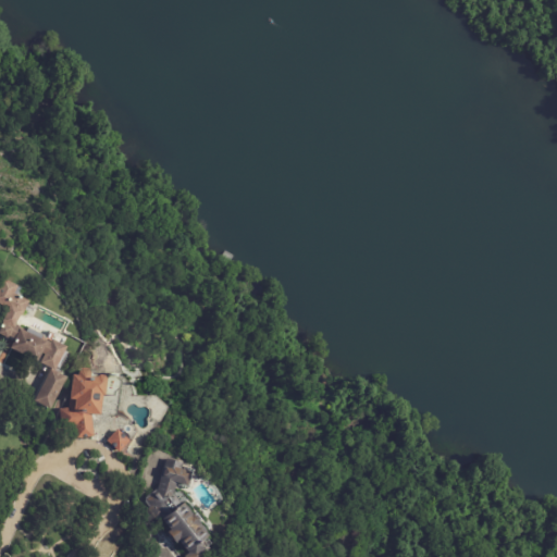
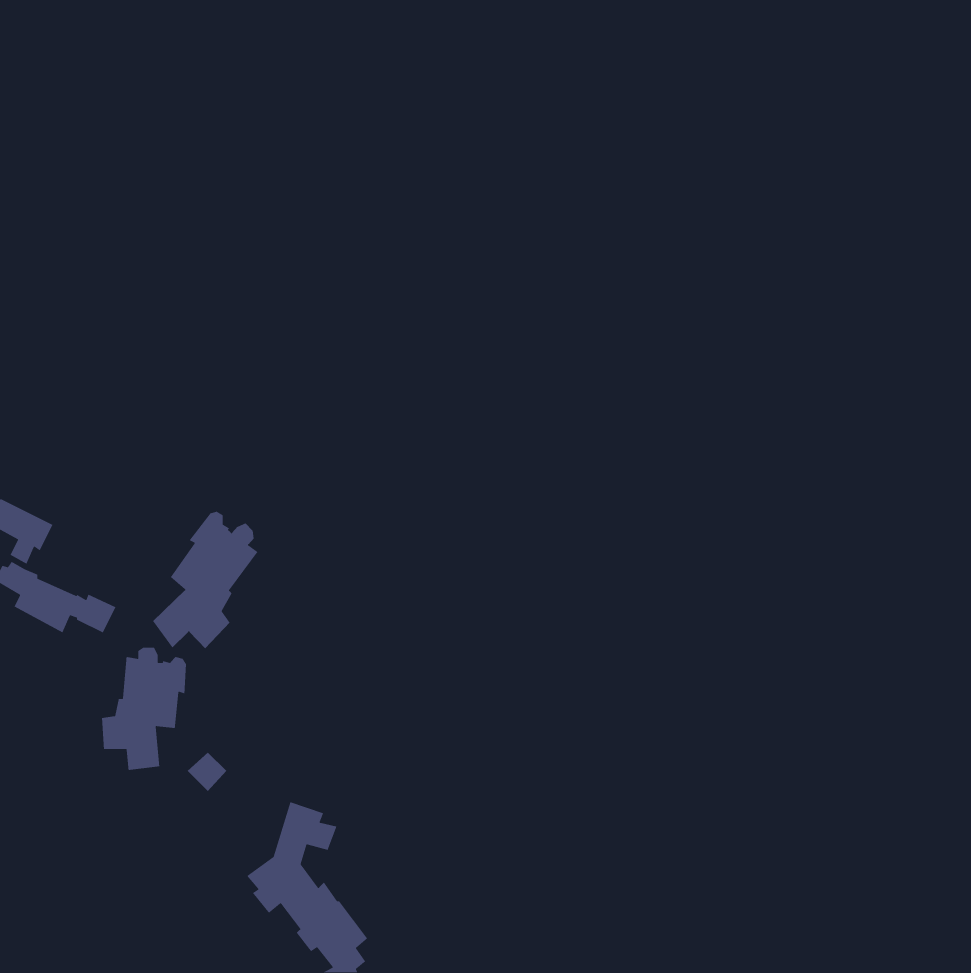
building: none -> [152,511,258,649]
building: [35,366,69,408] -> none

